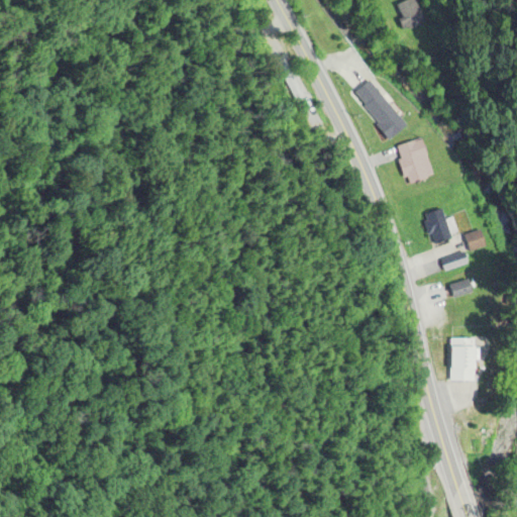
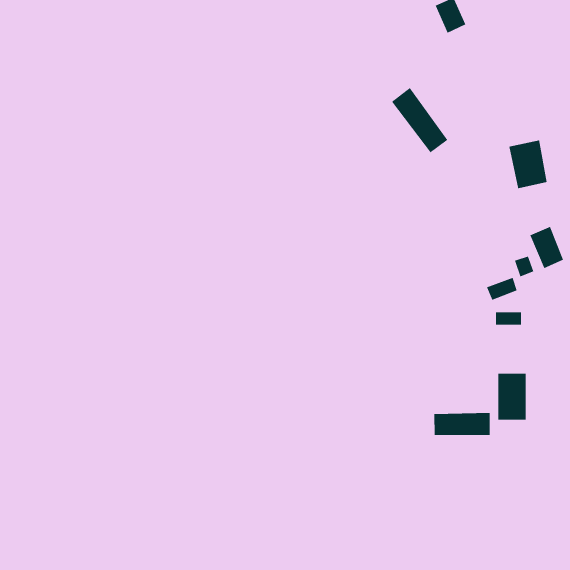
building: [397,138,432,183] -> [508,140,548,189]
building: [422,208,453,246] -> [529,226,564,269]
building: none -> [434,412,490,436]

